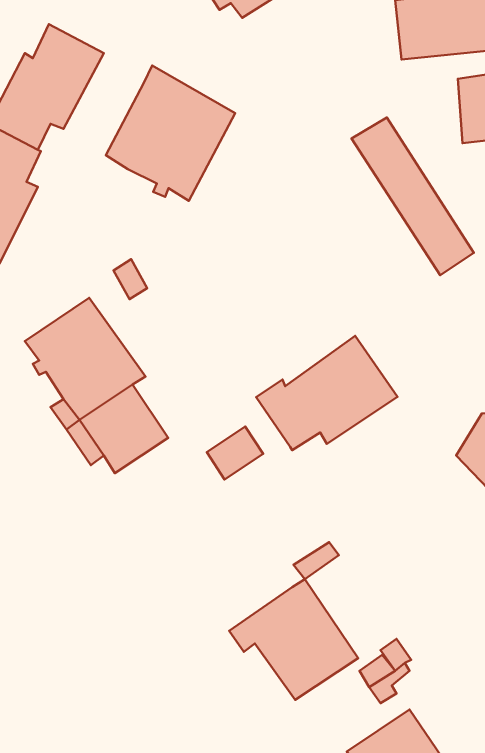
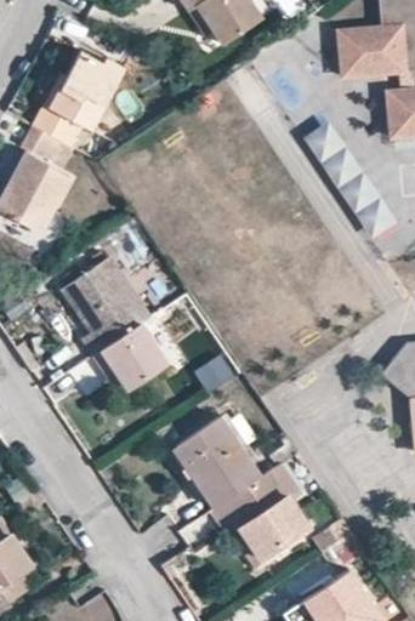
building: [106,66,235,201] -> none
building: [256,336,397,450] -> none
building: none -> [172,415,261,507]

